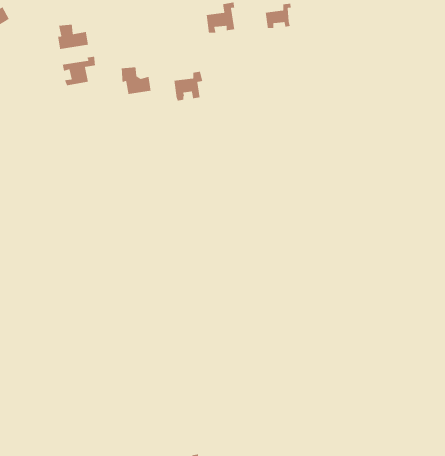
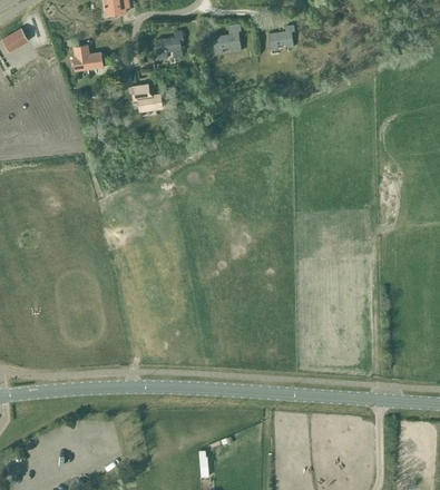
building: [62,56,96,86] -> none
building: [174,71,203,102] -> [156,31,184,60]

